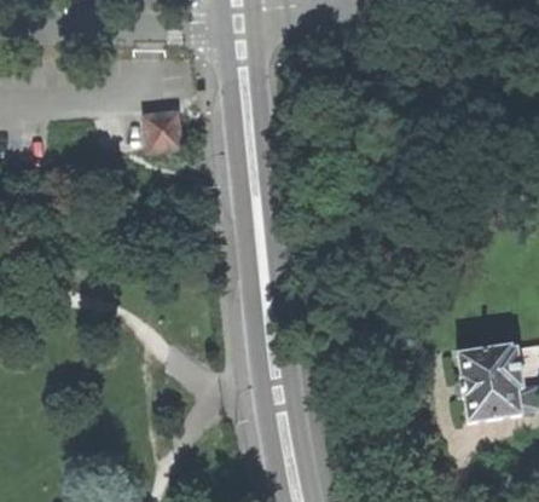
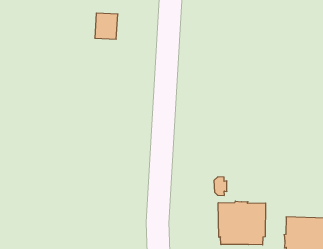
building: none -> [218,201,266,245]

